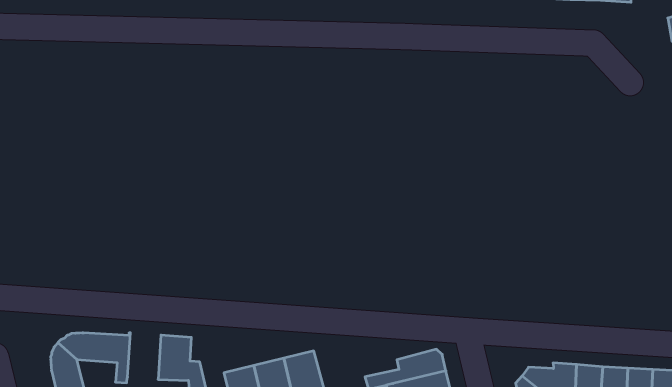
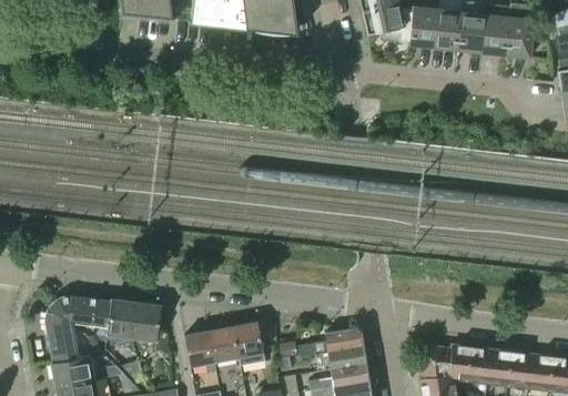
building: none -> [108,299,136,338]

